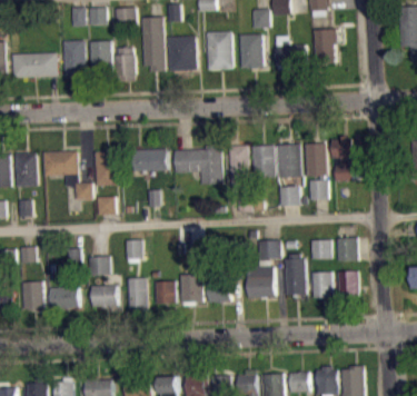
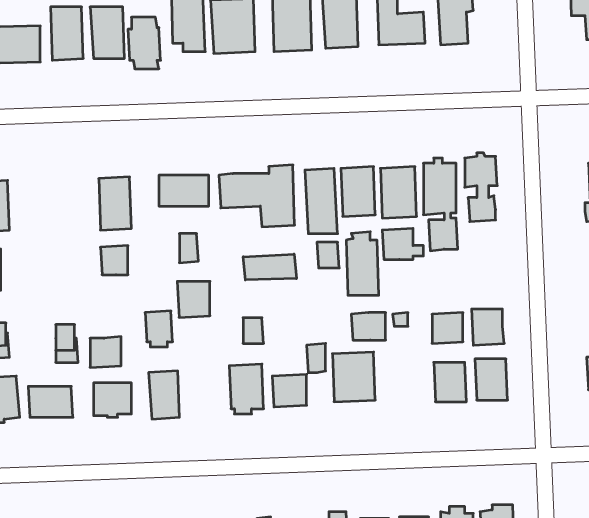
building: [41,151,91,200] -> none
building: none -> [243,254,296,280]
building: [285,253,306,294] -> [346,232,379,295]
building: [153,280,175,304] -> [177,281,210,317]

